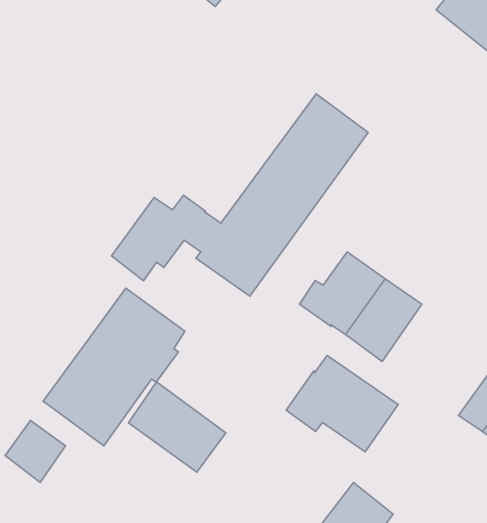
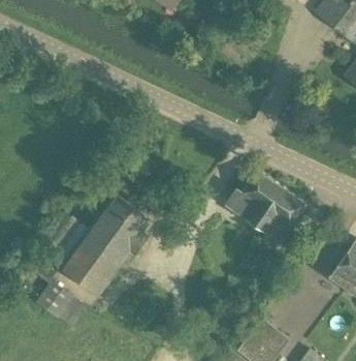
building: [111,94,368,296] -> none
building: [286,356,398,452] -> none
building: [128,382,226,472] -> none

